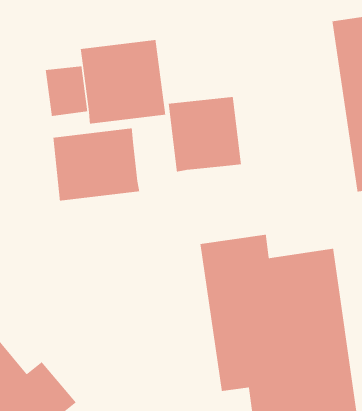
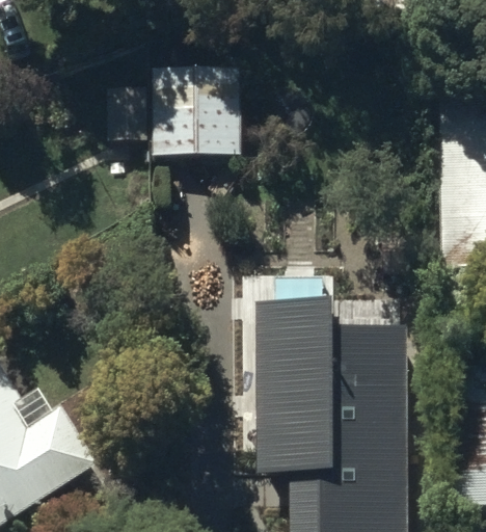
building: [168,96,242,173] -> none
building: [52,127,140,201] -> none

